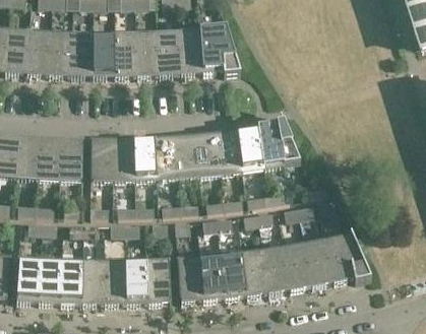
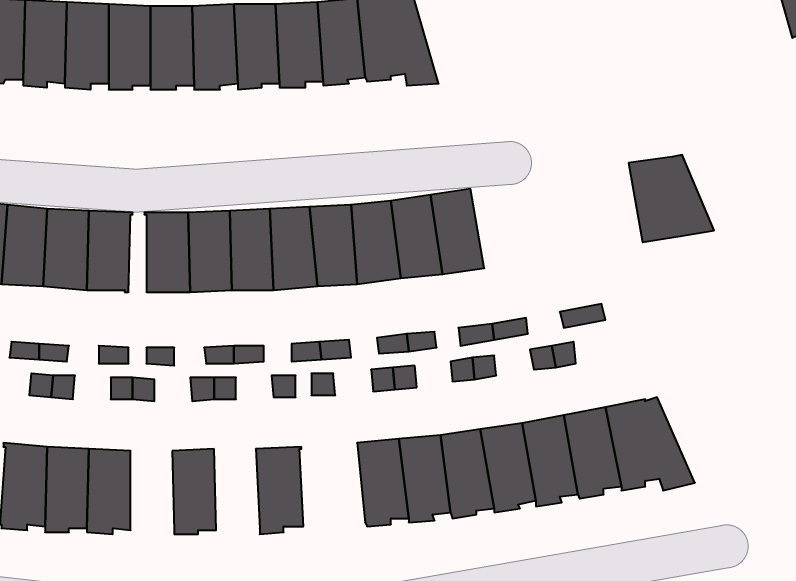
building: [256,123,300,168] -> [629,155,714,242]
building: [176,257,202,302] -> none
building: [125,260,148,304] -> none
building: [82,261,105,304] -> none

